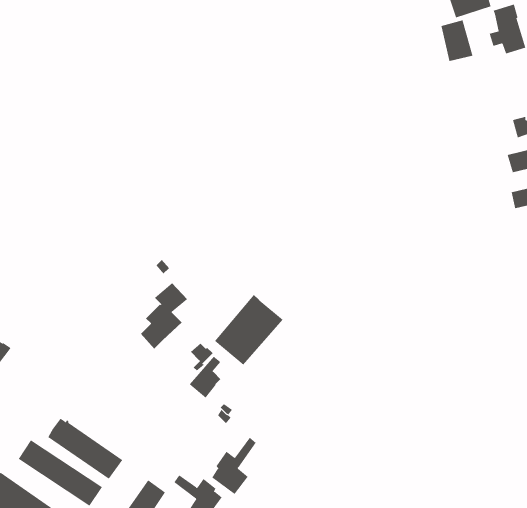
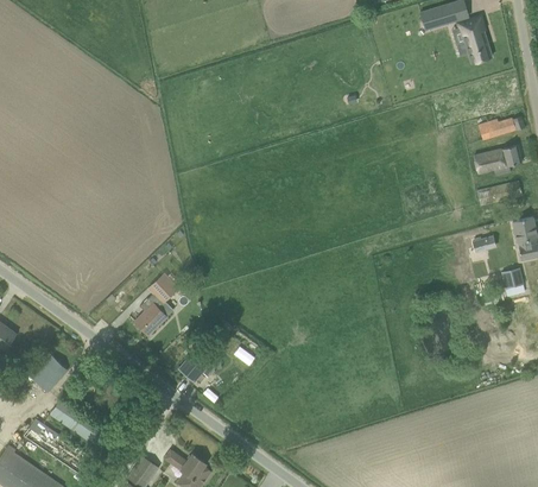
building: [441,20,473,62] -> none
building: [214,294,283,365] -> none
building: none -> [26,349,69,392]
building: [211,437,257,495] -> none

